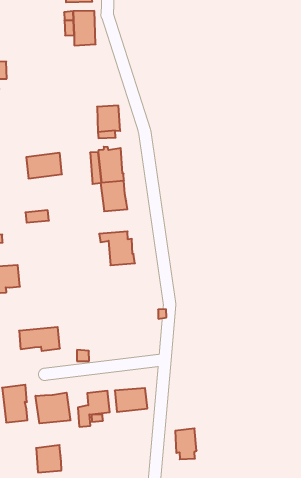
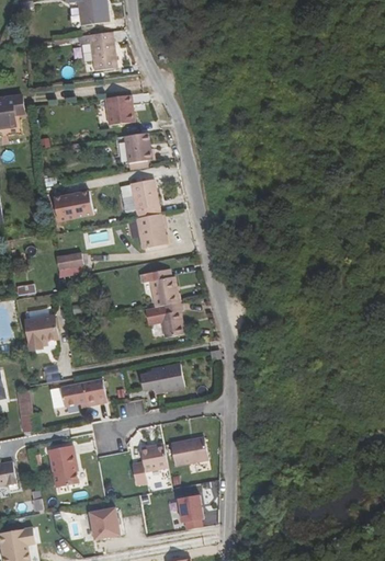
building: none -> [110,94,139,125]
building: none -> [144,302,184,337]
building: none -> [139,364,184,392]
building: [36,393,70,423] -> none
building: [175,428,197,459] -> [178,494,203,529]

